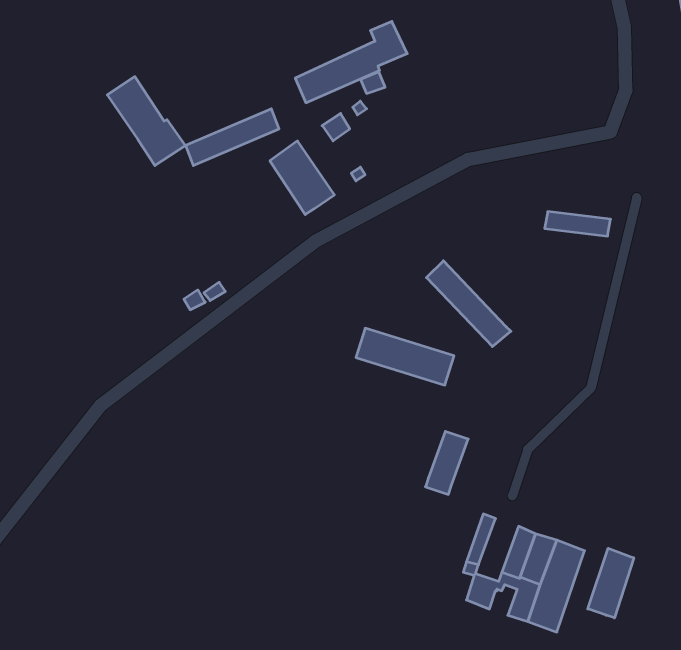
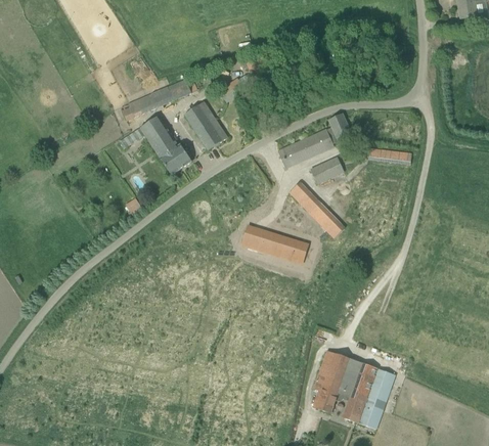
building: [295,21,407,103] -> [277,113,352,167]
building: [107,77,186,166] -> [139,115,191,174]
building: none -> [310,157,343,183]
building: [425,431,468,494] -> [321,352,350,394]
building: [588,548,634,618] -> none

